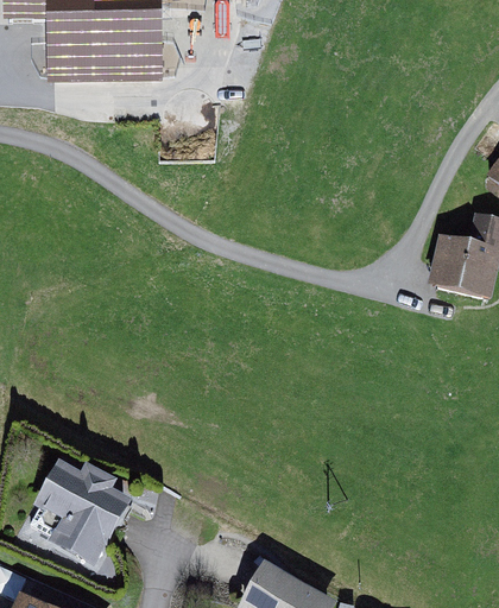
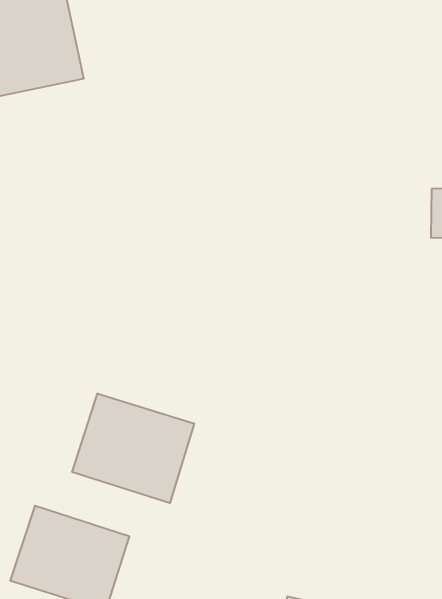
building: none -> [72,393,194,503]

